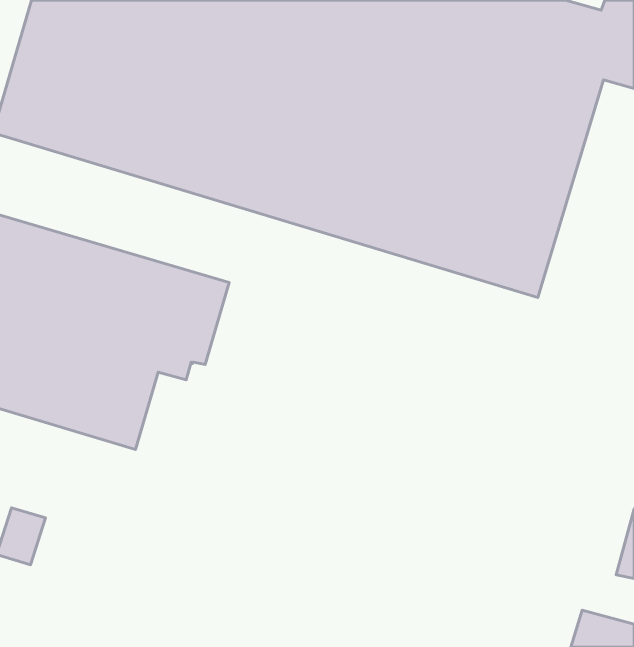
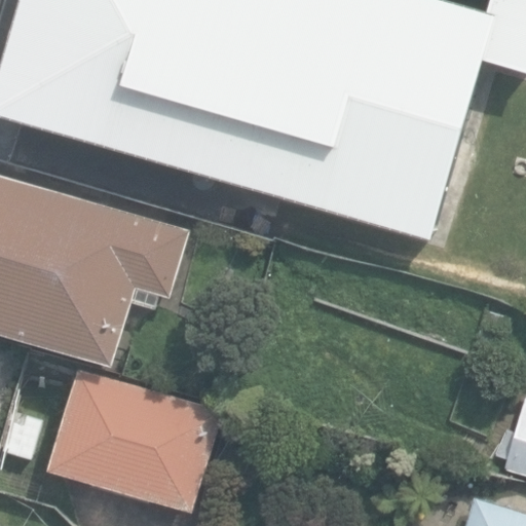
building: none -> [43,369,215,513]

